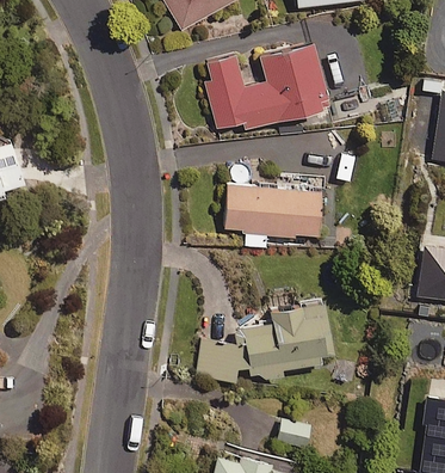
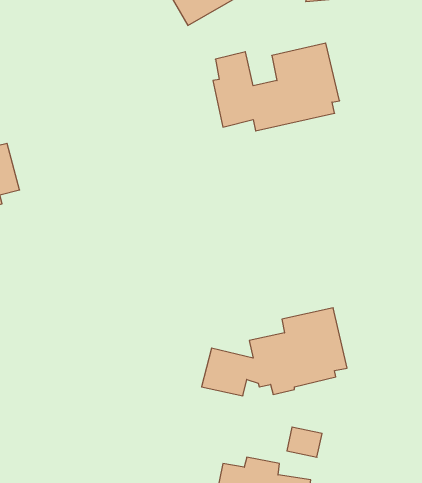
building: [227,176,325,248] -> none

